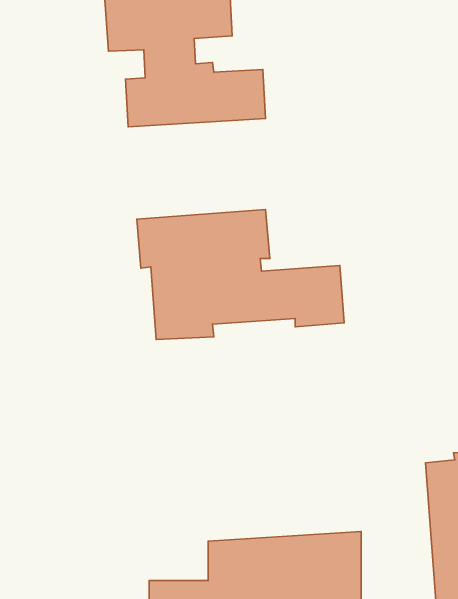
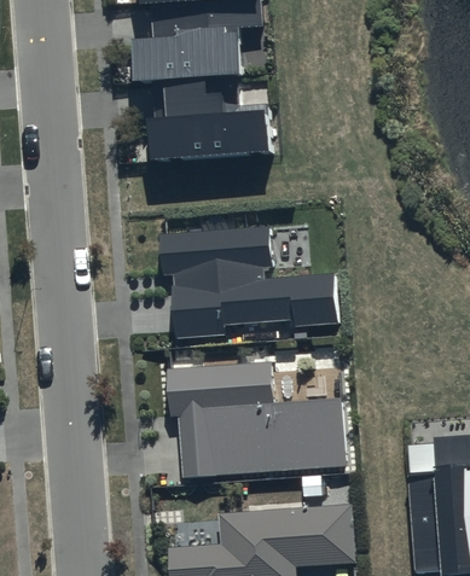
building: none -> [166,363,346,477]

